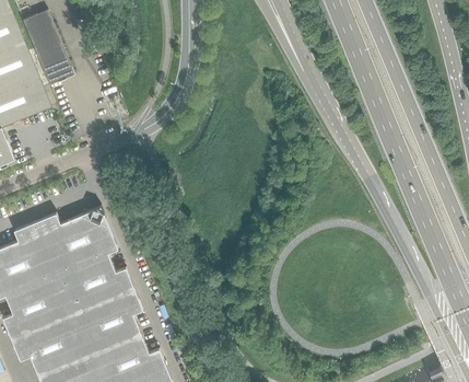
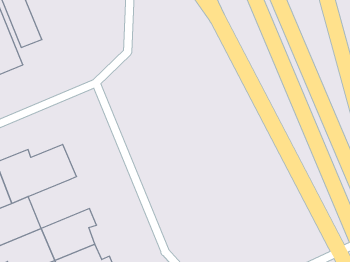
building: [56,253,133,314] -> none

